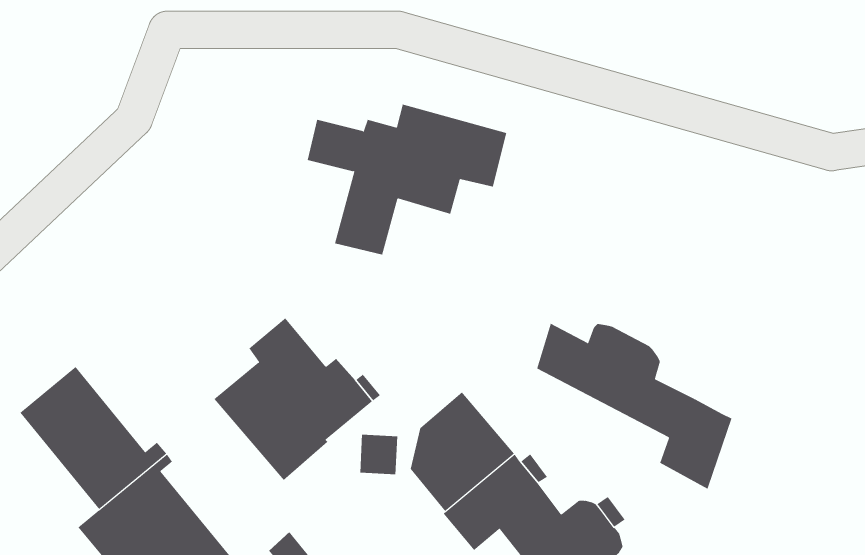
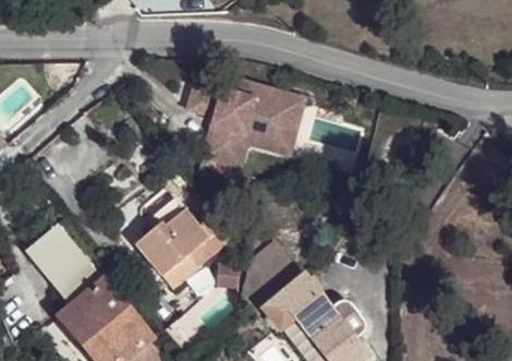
building: none -> [230,96,306,168]
building: [536,323,732,489] -> none

